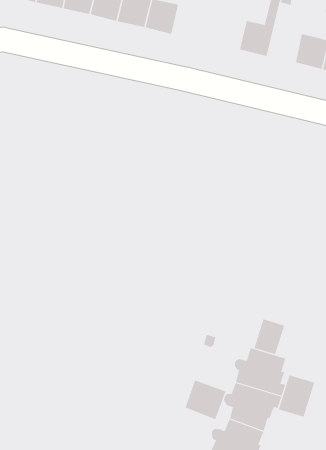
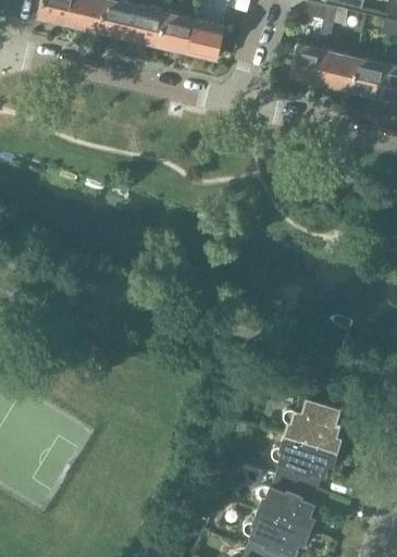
building: none -> [322,51,359,89]
building: [254,319,285,355] -> none
building: [278,375,315,418] -> none
building: [185,379,226,420] -> none

